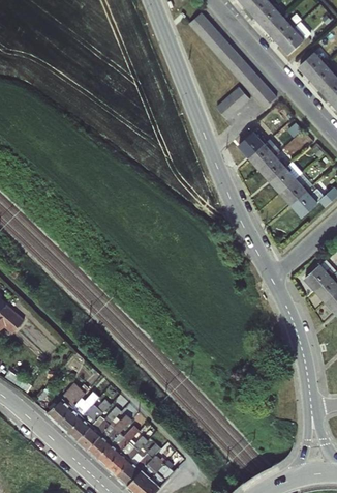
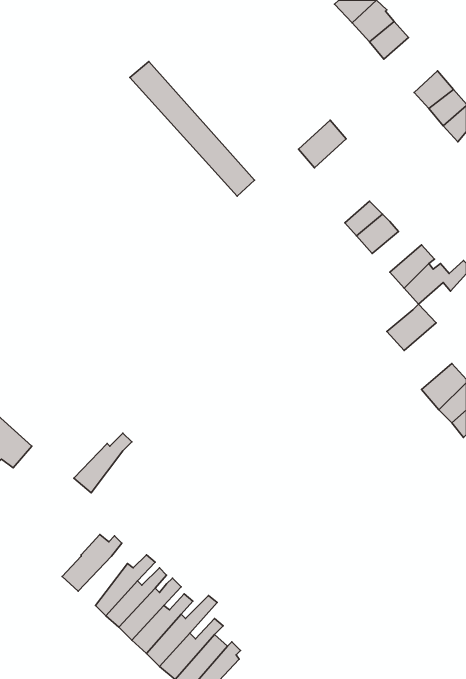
building: [187,12,276,109] -> [130,61,254,196]
building: [276,27,304,55] -> none
building: [236,130,266,160] -> none
building: [268,162,303,195] -> [387,304,436,350]
building: [58,390,99,433] -> [74,433,132,493]

